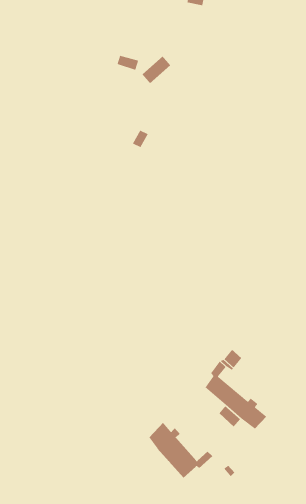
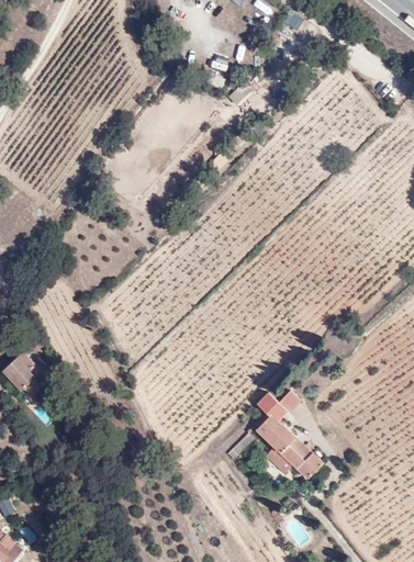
building: [148,422,213,478] -> none

